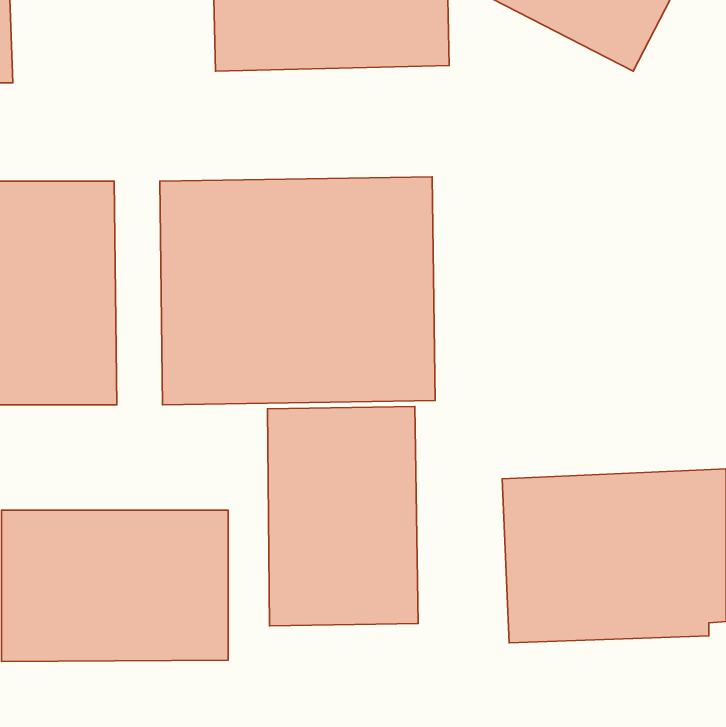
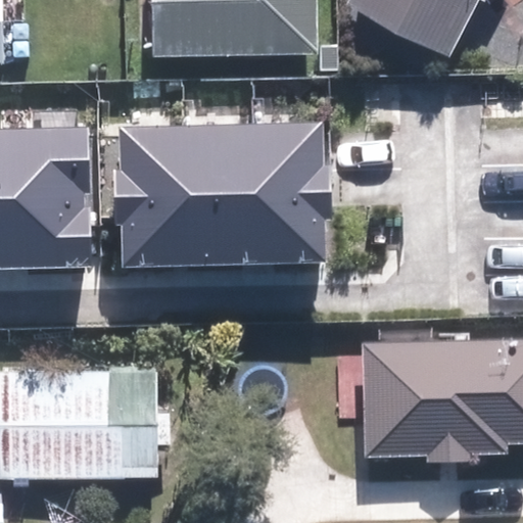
building: [267,407,418,626] -> none

